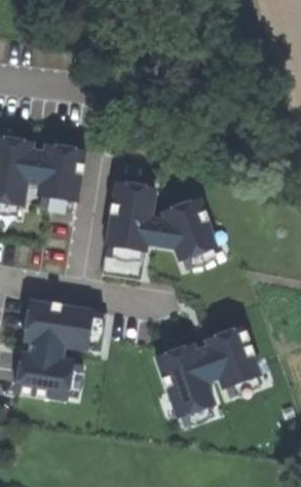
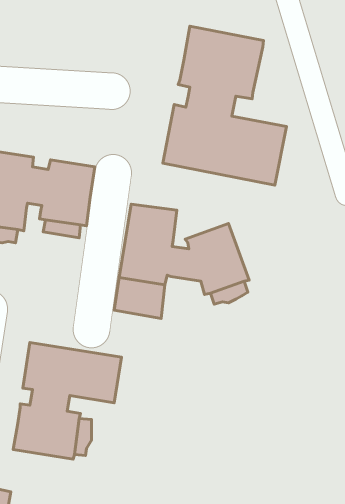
building: none -> [163,26,286,185]
building: [155,325,259,403] -> none

